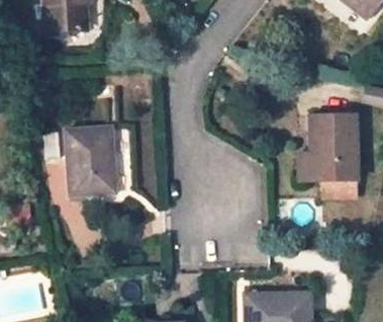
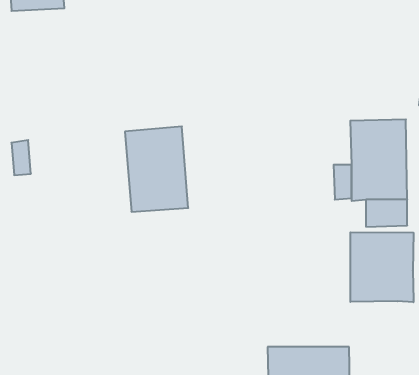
building: [65,128,114,194] -> [125,126,188,212]
building: none -> [350,232,413,302]

